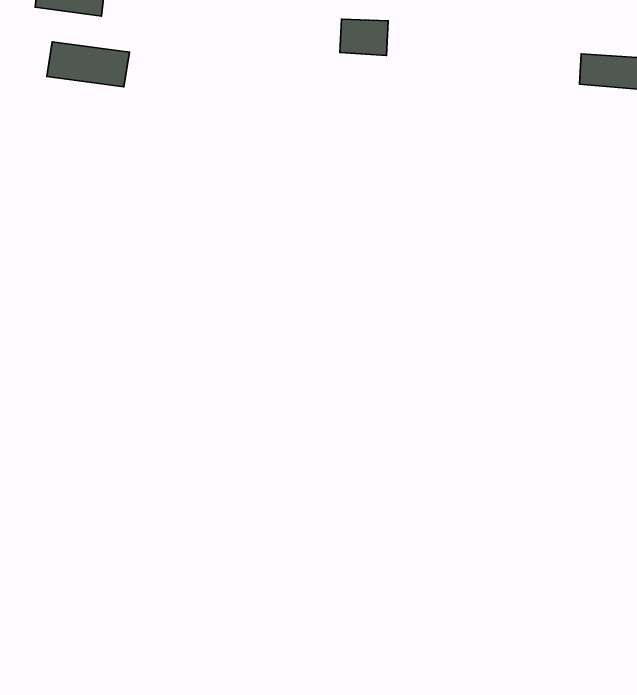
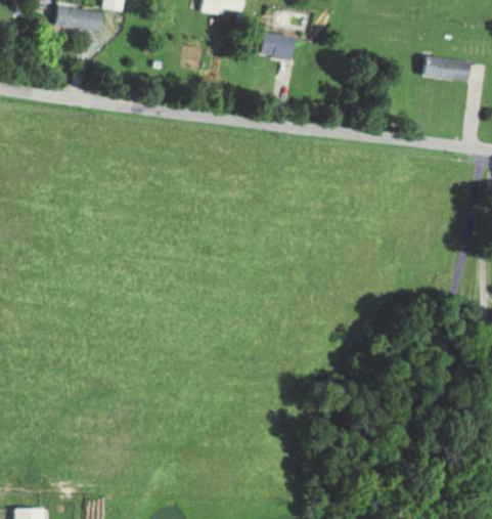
building: [47,42,129,87] -> none

